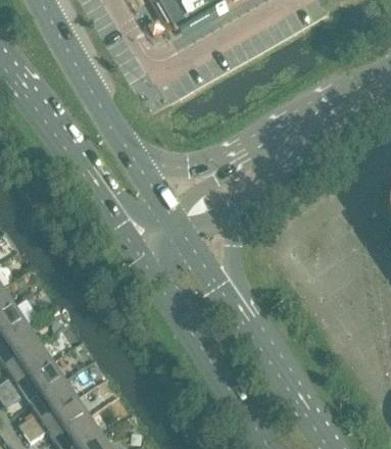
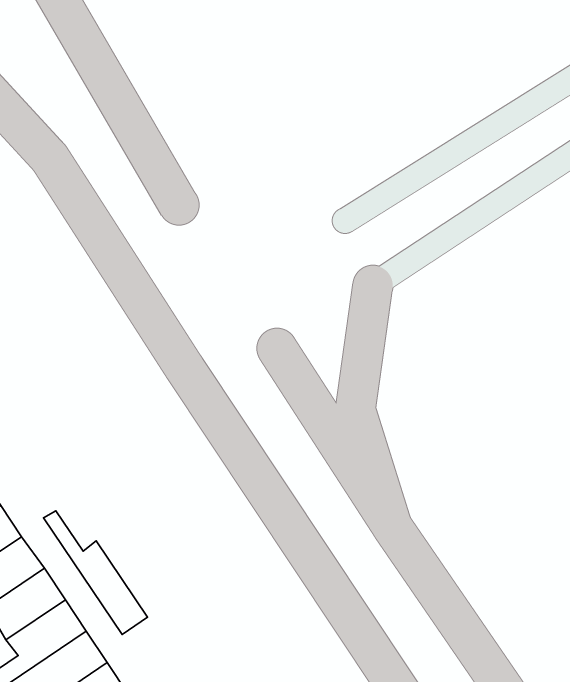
building: none -> [44,511,147,635]

